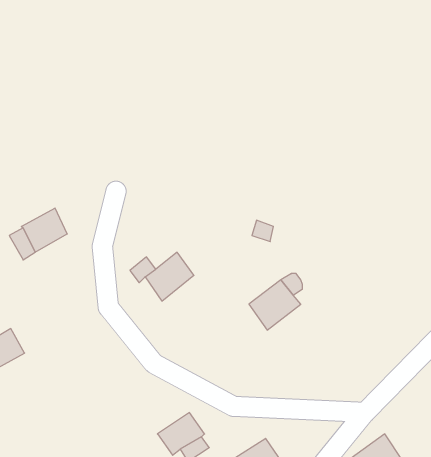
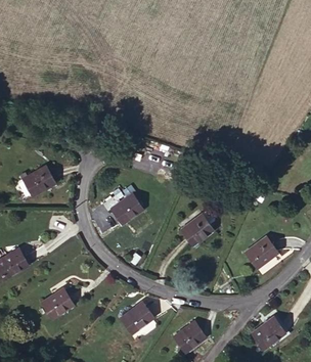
building: none -> [248,235,280,267]
building: none -> [41,280,74,313]

